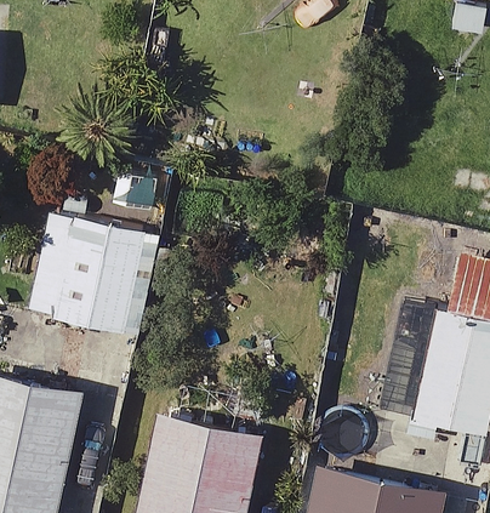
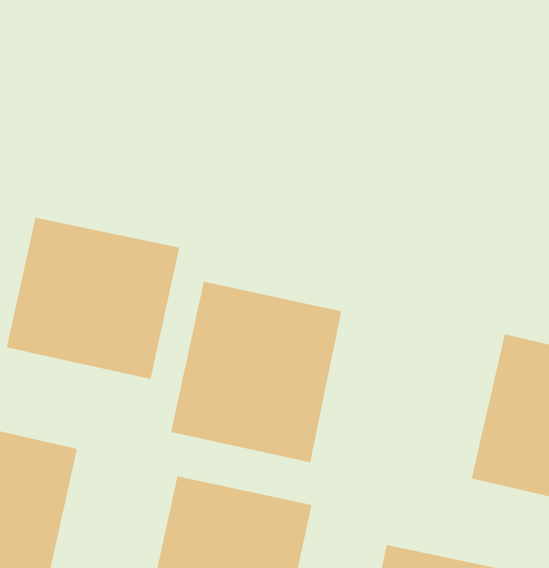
building: none -> [170,281,342,463]

